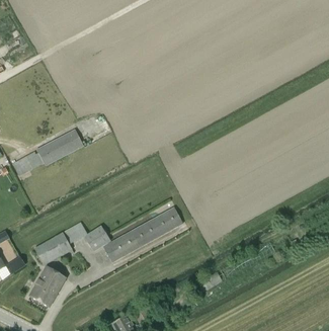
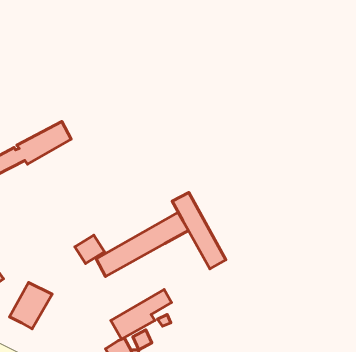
building: none -> [172,192,226,269]
building: [35,222,87,264] -> [111,290,171,339]

